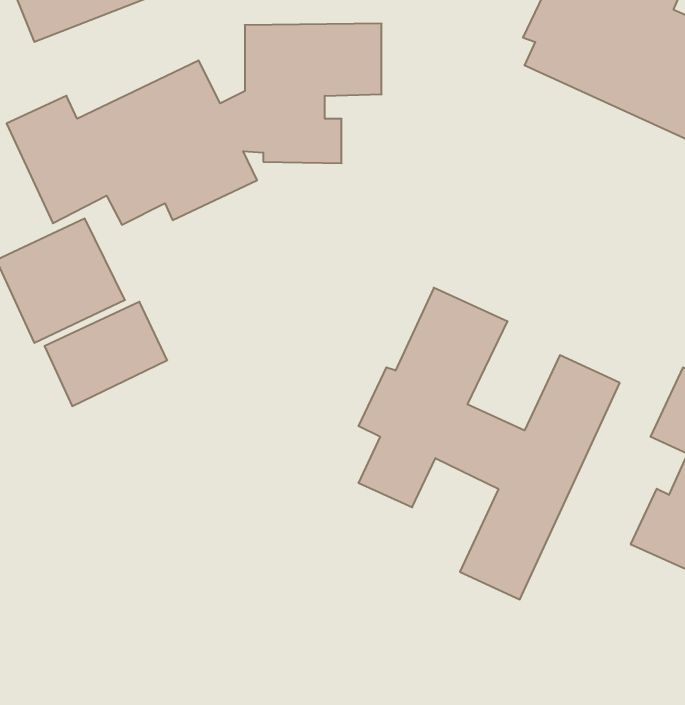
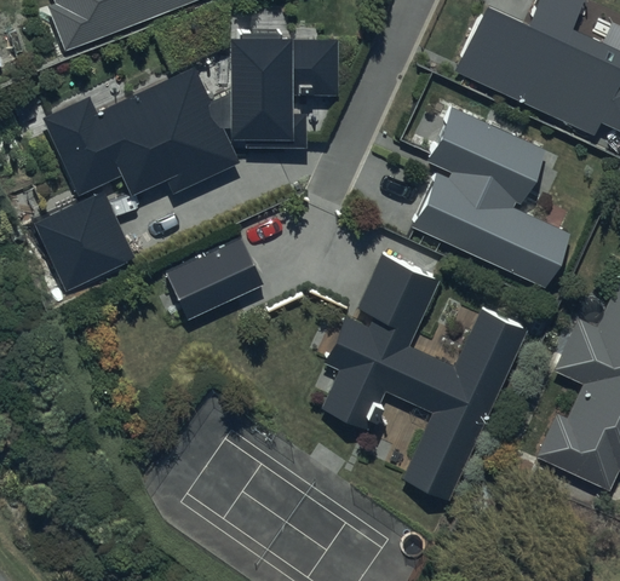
building: none -> [412,100,567,280]
building: [44,302,167,406] -> [163,230,260,312]

